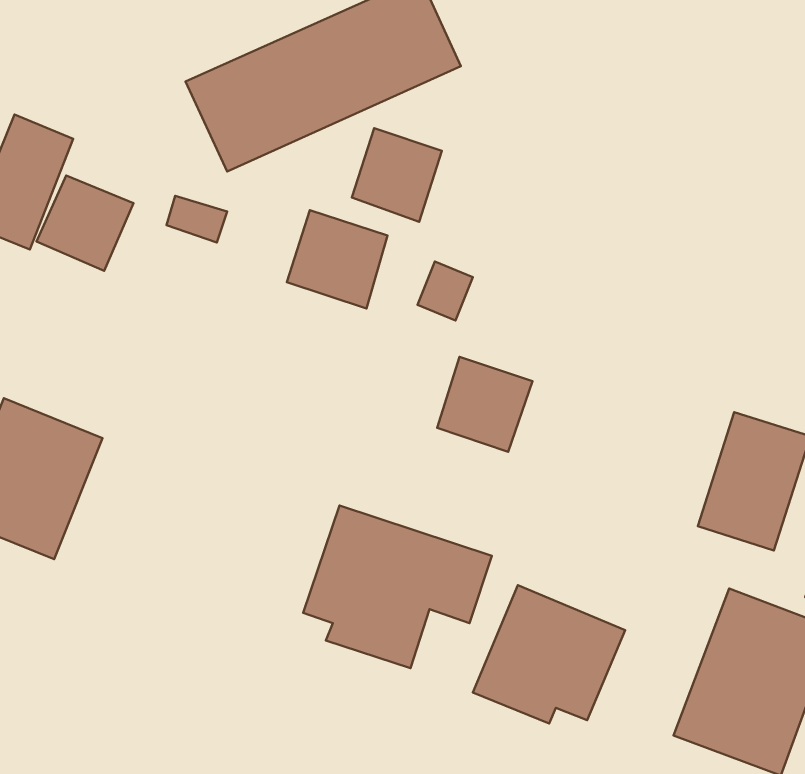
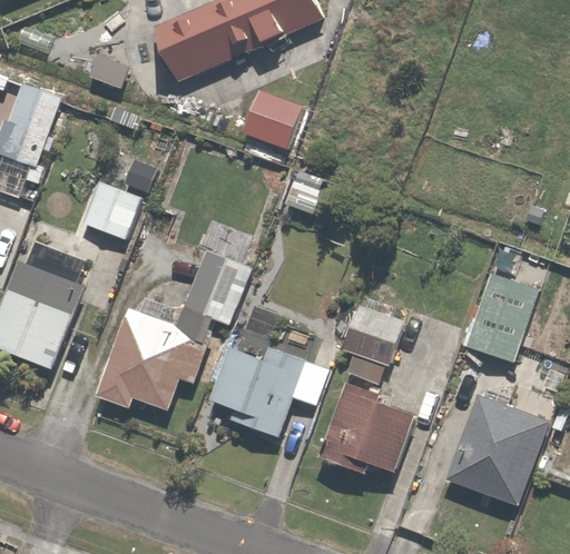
building: [37,176,134,271] -> [79,179,141,240]
building: [287,210,388,309] -> none
building: [437,357,532,452] -> [342,304,403,365]
building: none -> [96,251,249,412]

